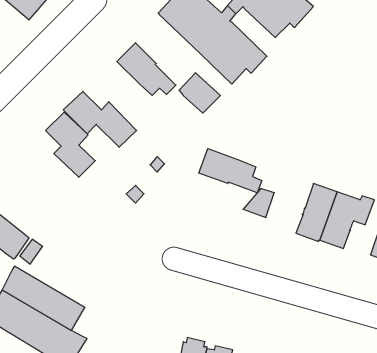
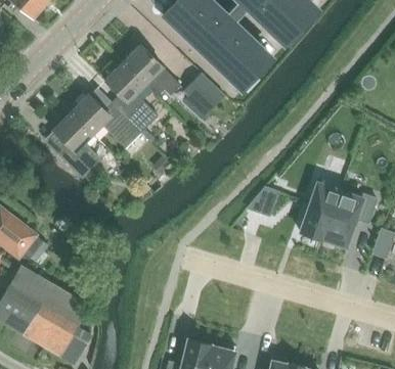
building: none -> [104,61,158,130]
building: [199,149,262,193] -> none

